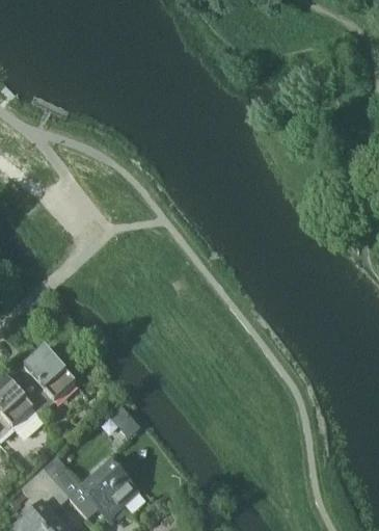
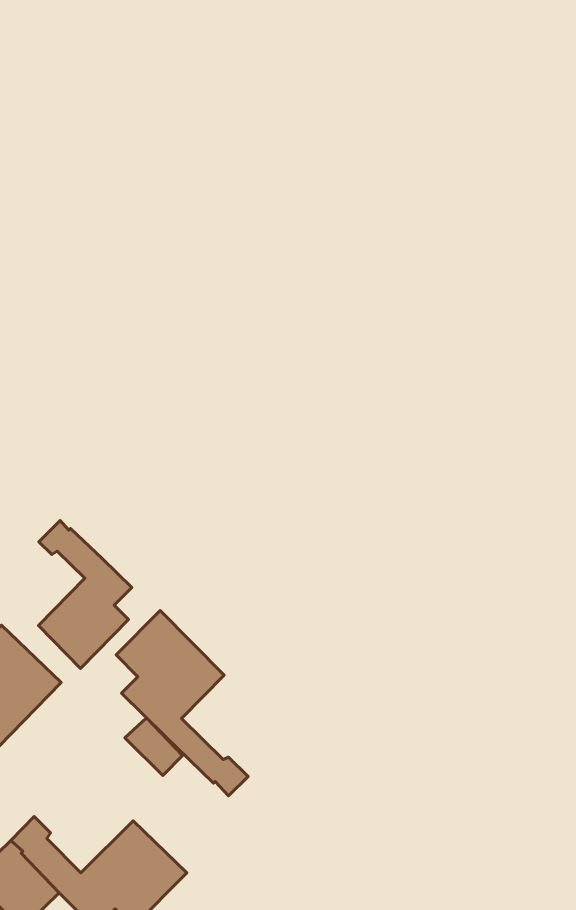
building: none -> [38,521,132,668]
building: none -> [116,610,248,796]

